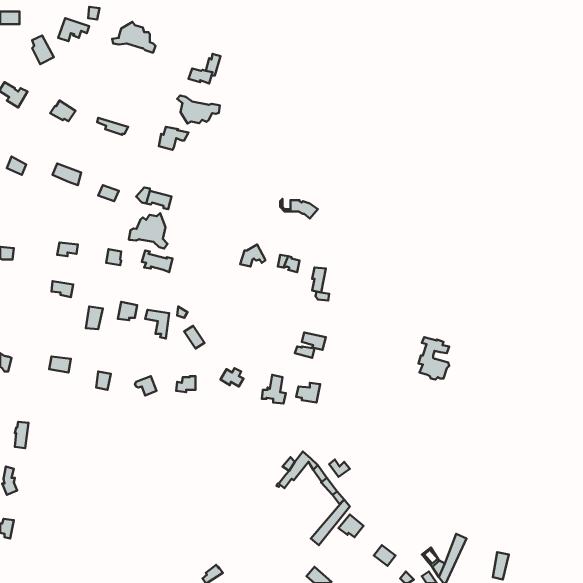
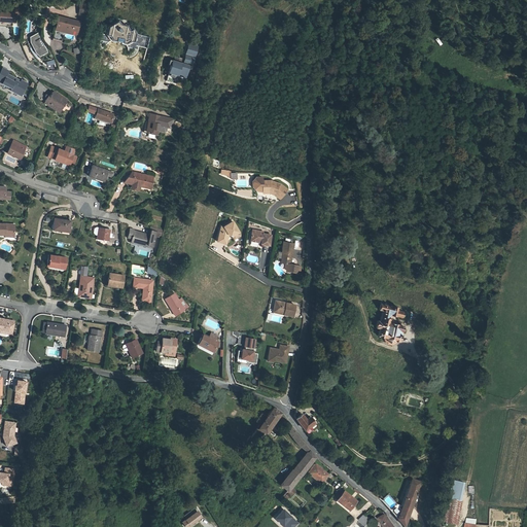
building: [177,95,220,124] -> none
building: [129,213,167,249] -> none

